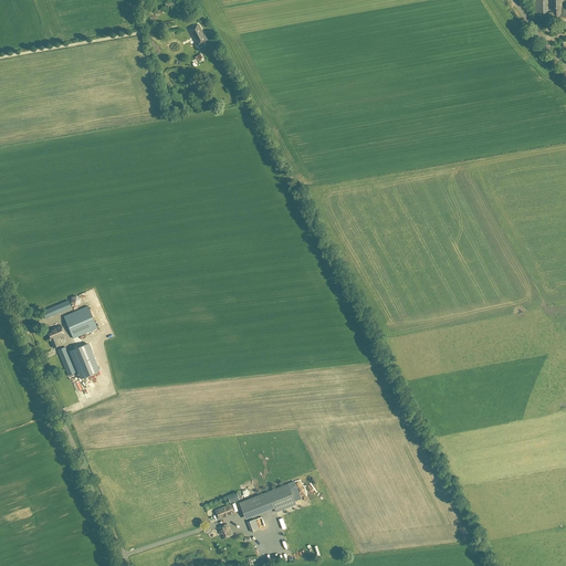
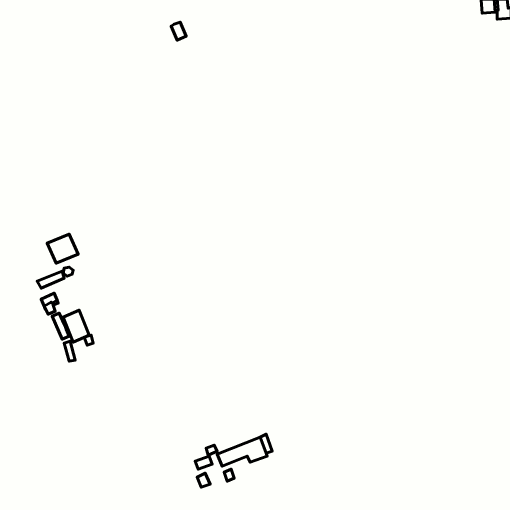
building: [64,305,98,337] -> [47,234,78,263]

